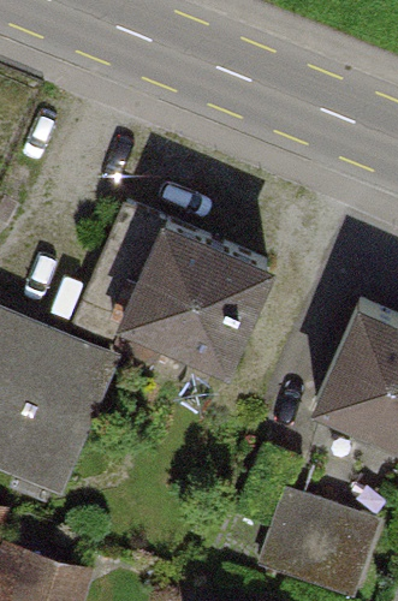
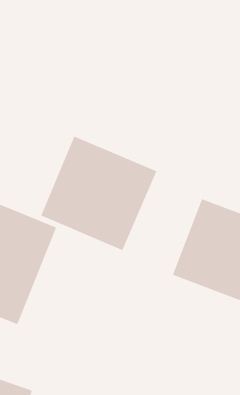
building: [272,487,385,591] -> none

